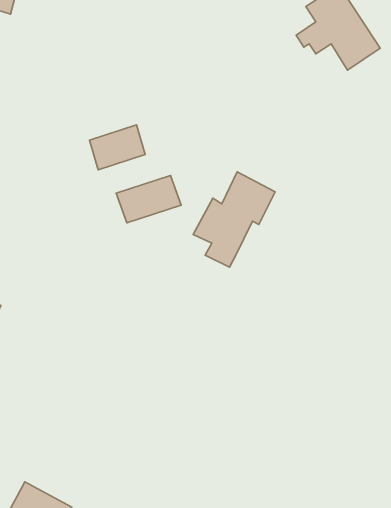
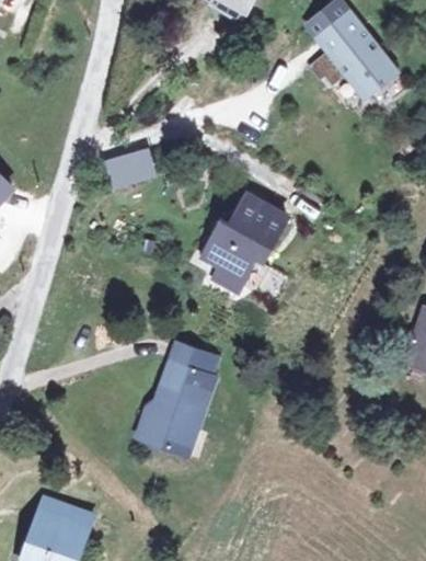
building: [116,176,181,223] -> none
building: none -> [146,347,217,453]

